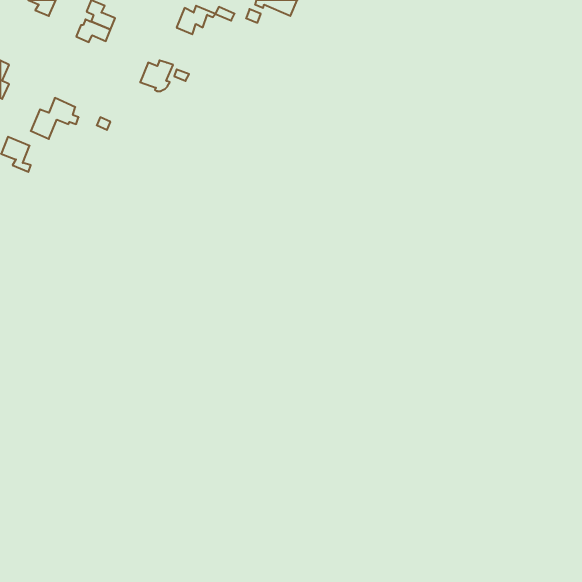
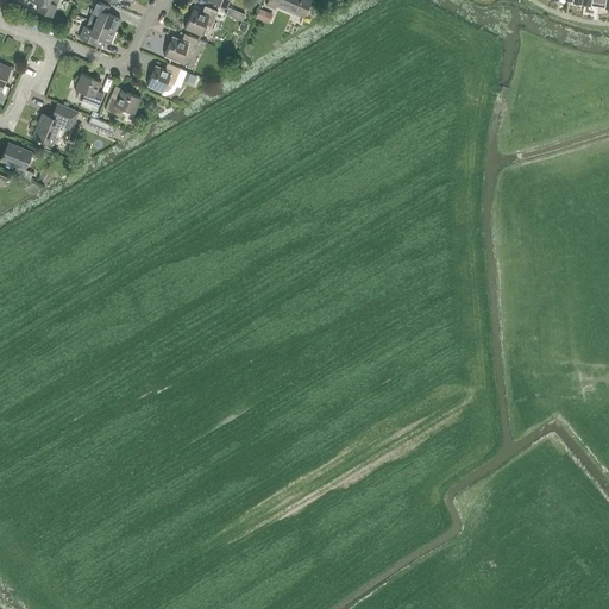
building: none -> [164,33,197,63]
building: none -> [75,74,103,107]
building: none -> [105,89,140,117]

